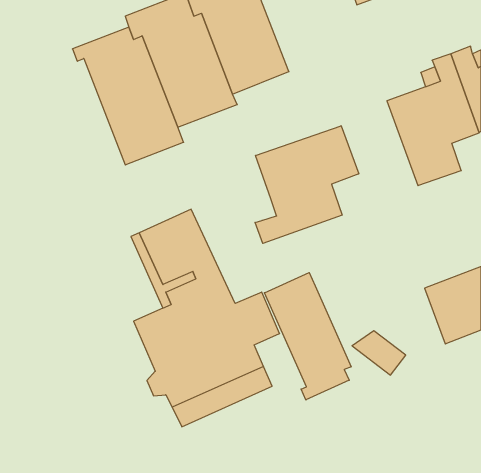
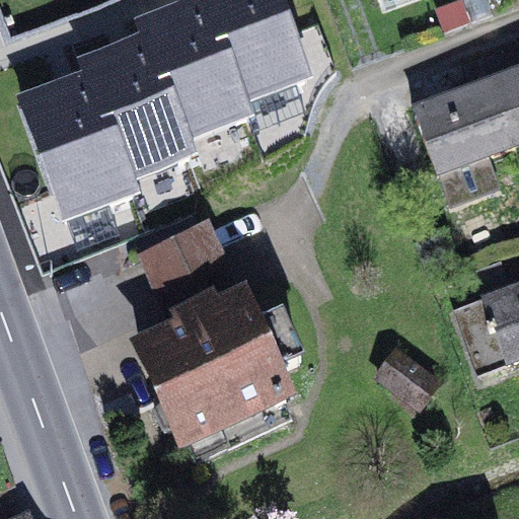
building: none -> [16,63,140,217]
building: [255,126,359,243] -> none
building: [264,273,351,400] -> none

